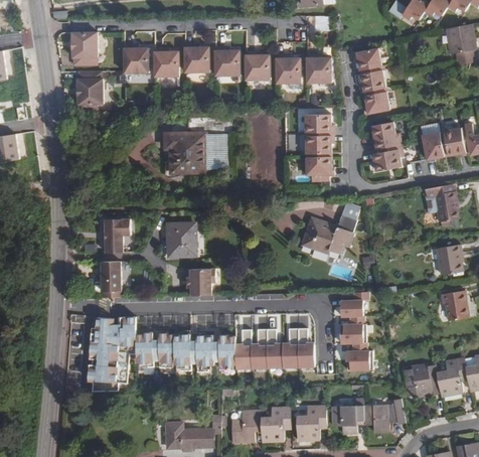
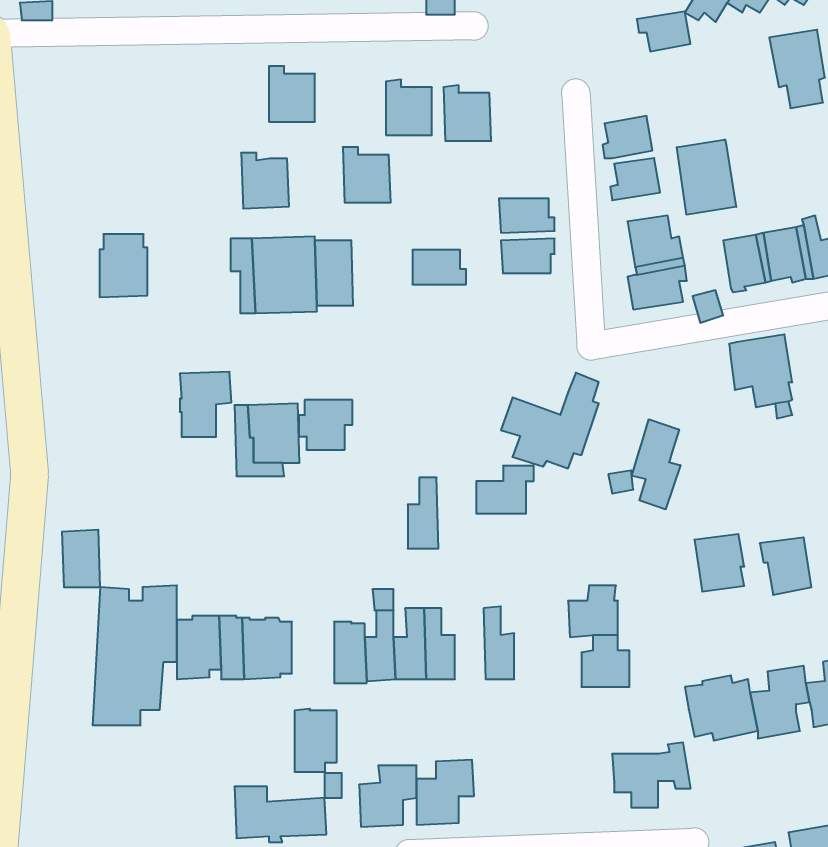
building: [66,32,93,65] -> none
building: [122,46,146,75] -> none
building: [213,46,238,75] -> [343,147,391,203]
building: [152,48,177,78] -> [241,153,289,208]
building: [352,48,380,69] -> [637,11,690,52]
building: [306,53,330,83] -> none
building: [76,72,102,106] -> [100,234,147,297]
building: none -> [677,139,736,215]
building: [306,156,334,174] -> [412,250,466,284]
building: [103,218,130,253] -> [180,372,231,437]
building: none -> [632,419,680,509]
building: [437,245,463,275] -> [694,534,744,592]
building: [100,267,120,297] -> [62,530,100,587]
building: [187,269,215,295] -> [299,400,352,450]
building: [339,291,369,316] -> [476,466,534,514]
building: [281,328,297,365] -> [408,478,438,549]
building: [195,334,217,367] -> [295,709,337,772]
building: [330,400,364,434] -> none
building: [296,407,326,441] -> none

